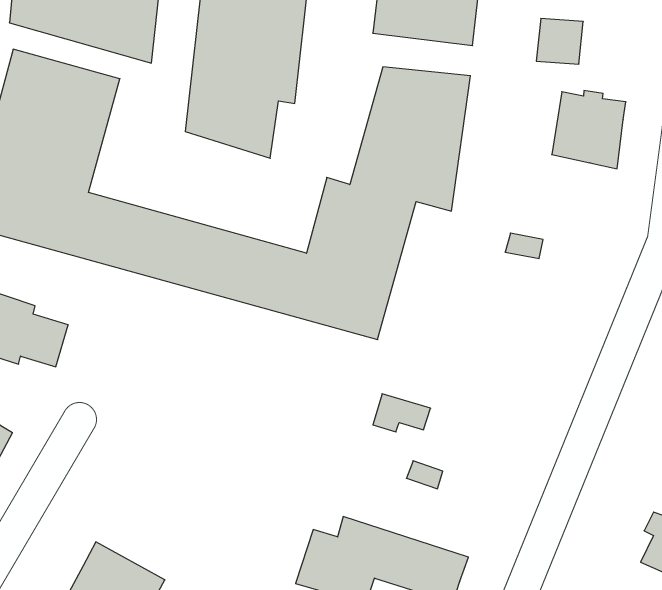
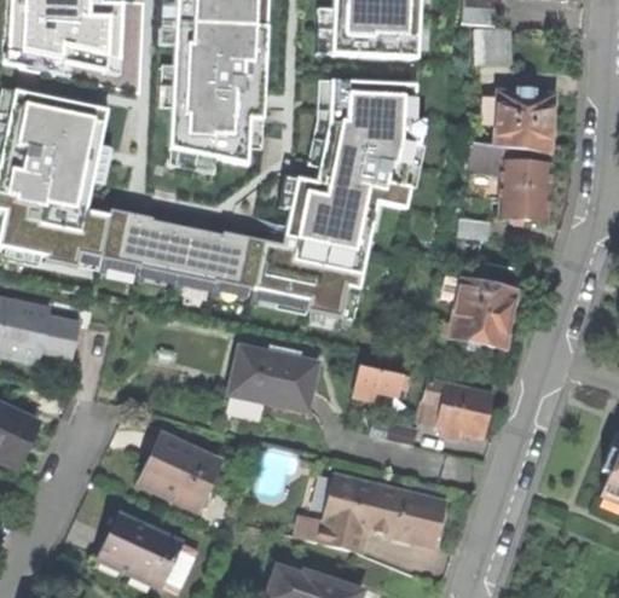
building: none -> [464,141,550,219]
building: none -> [441,262,519,348]
building: none -> [230,347,317,411]
building: none -> [418,381,492,439]
building: none -> [139,431,220,509]

